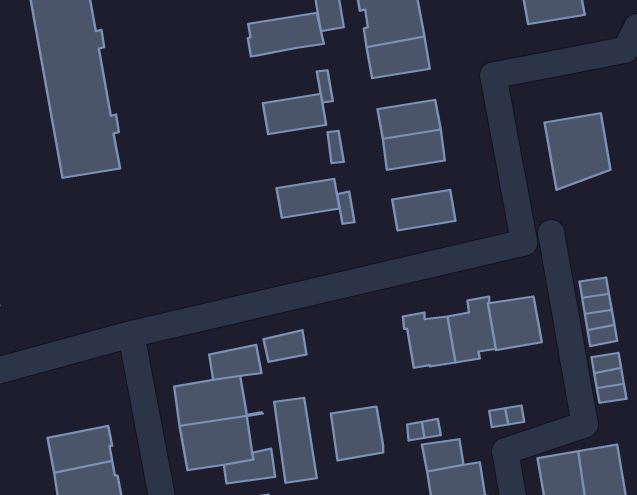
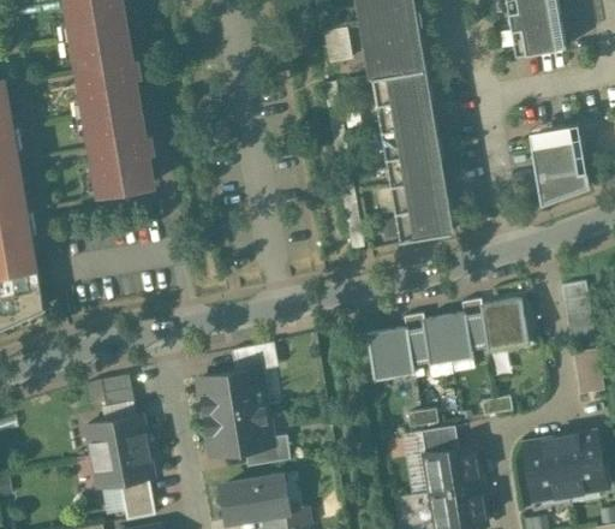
building: [248,13,324,56] -> none
building: [263,94,326,134] -> [376,96,432,132]
building: [276,179,340,218] -> [389,178,446,213]
building: [264,330,307,362] -> none
building: none -> [100,375,133,409]
building: [274,398,317,483] -> none
building: [331,407,383,461] -> [366,328,413,376]

